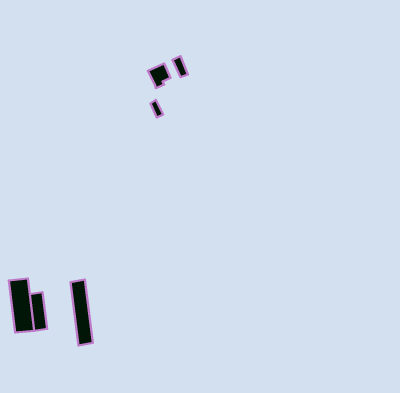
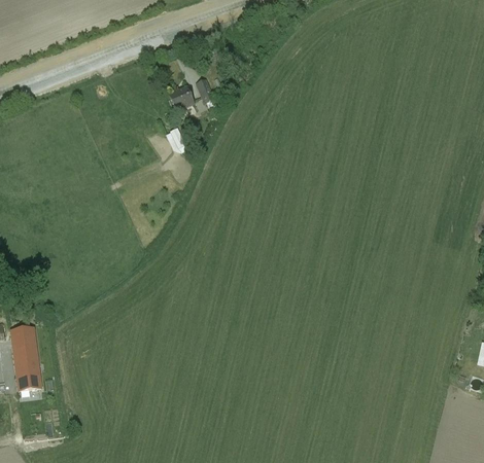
building: [70,280,93,345] -> none

